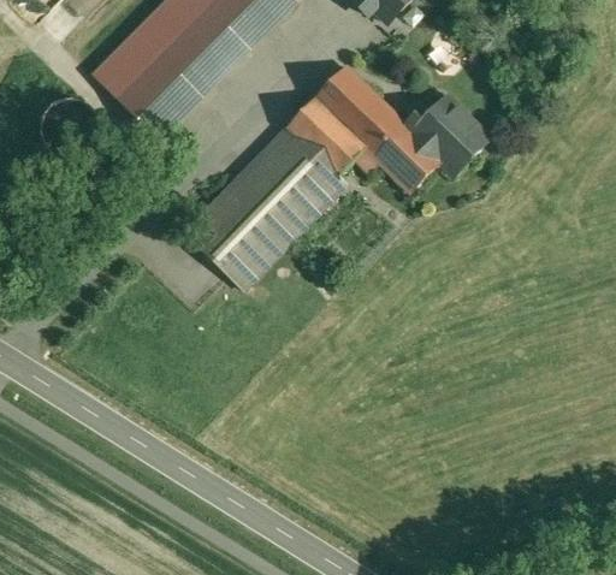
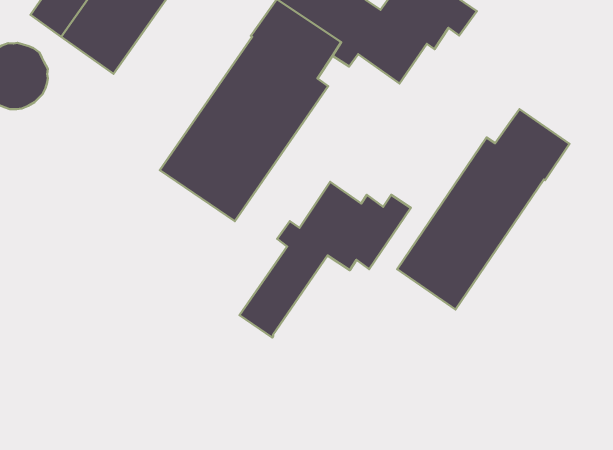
building: none -> [397,109,569,309]
building: none -> [240,182,411,338]

